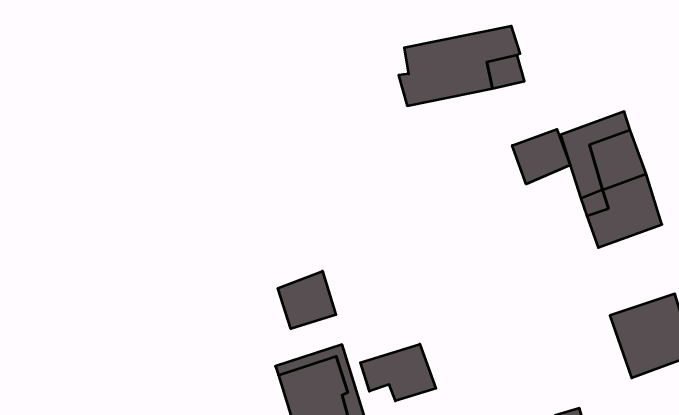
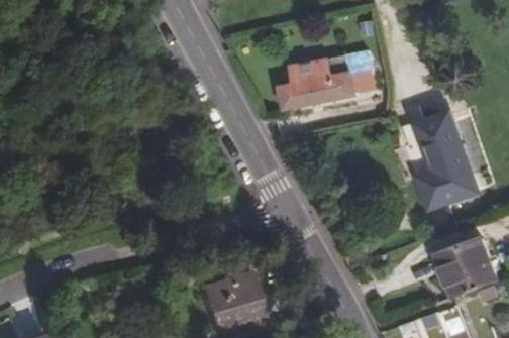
building: [512,129,570,184] -> none
building: [278,271,336,329] -> none
building: [360,344,436,401] -> none

